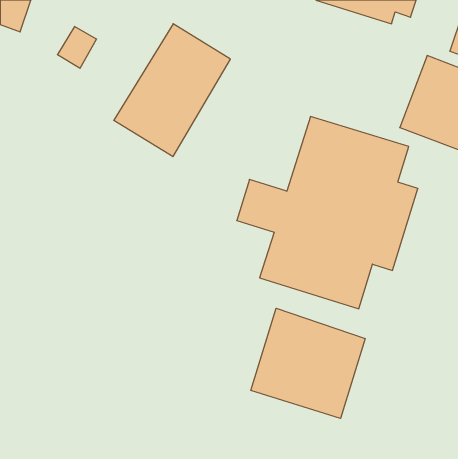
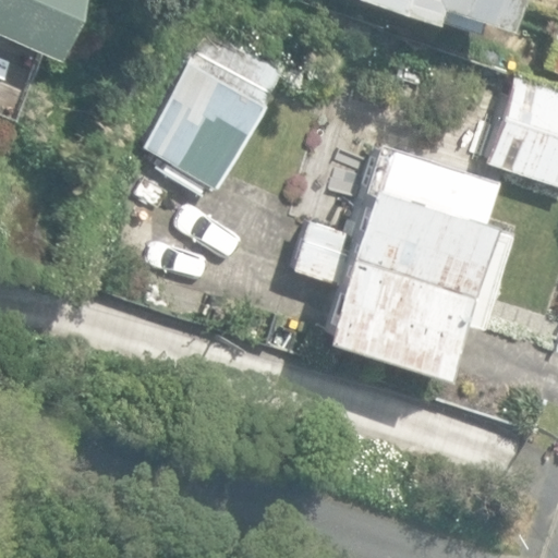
building: [251,308,365,418] -> none

